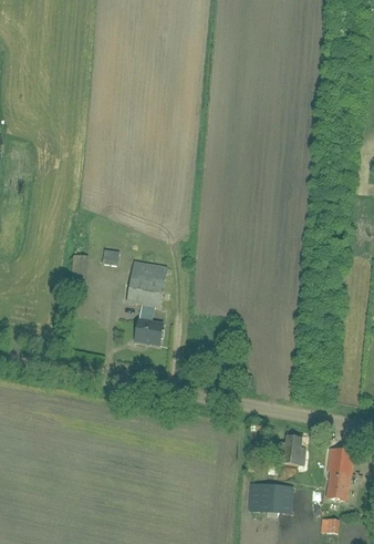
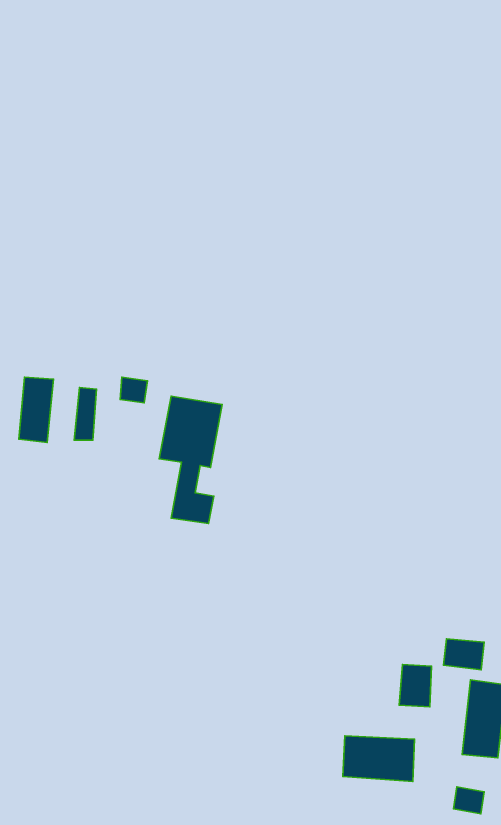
building: none -> [19,377,53,443]
building: none -> [443,639,484,670]

